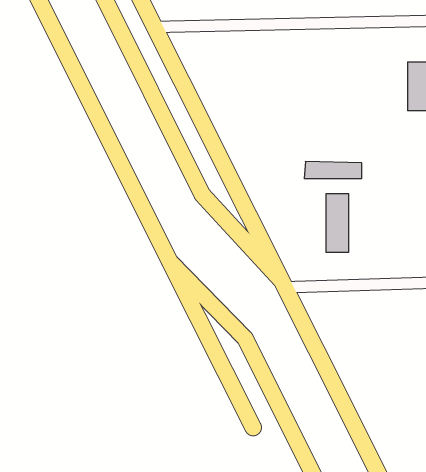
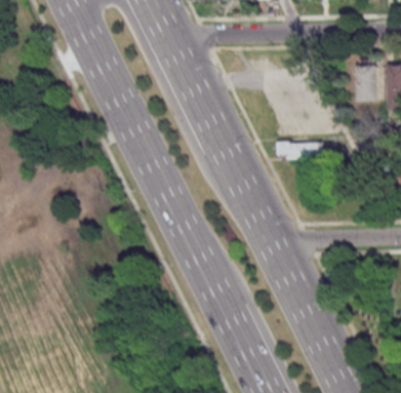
building: [326,194,349,252] -> none

